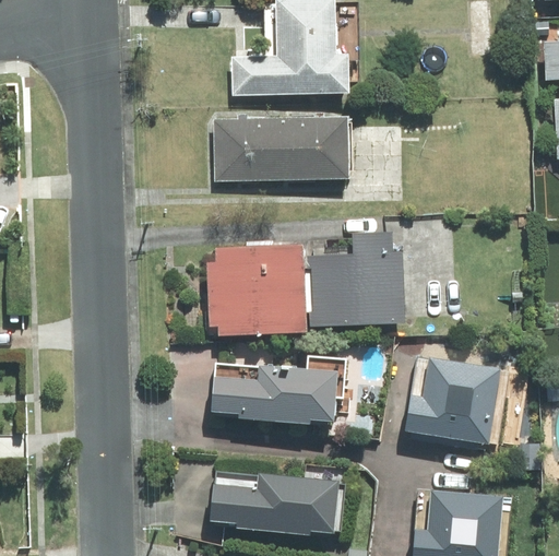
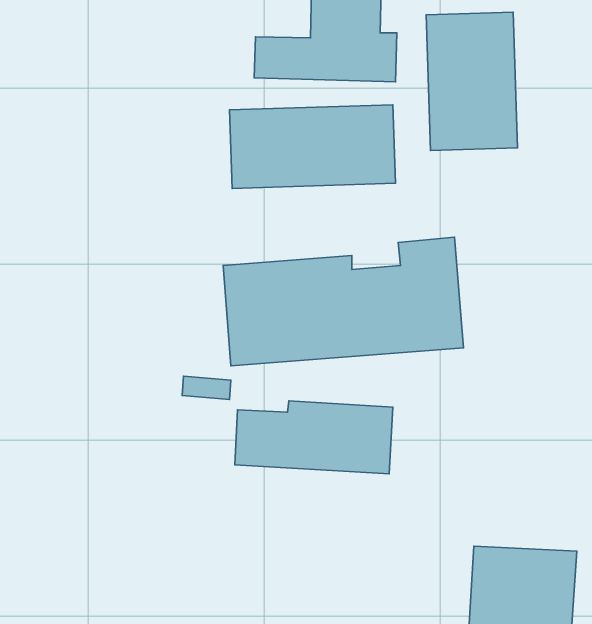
building: none -> [426,12,517,150]
building: [399,354,508,446] -> none
building: [211,472,342,535] -> none

